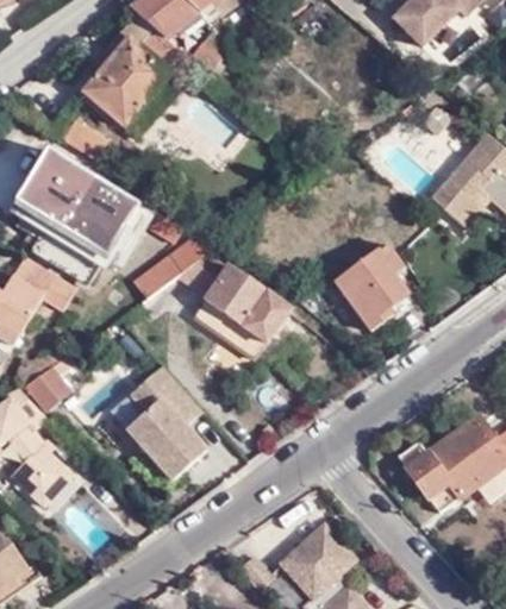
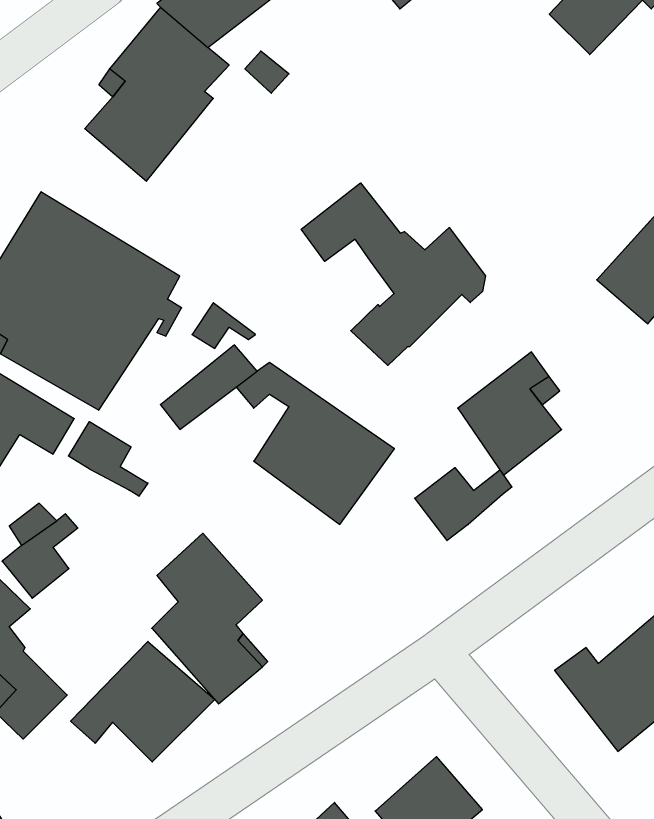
building: none -> [301,183,486,365]
building: none -> [68,422,148,496]
building: none -> [415,468,512,541]
building: none -> [71,641,215,762]

